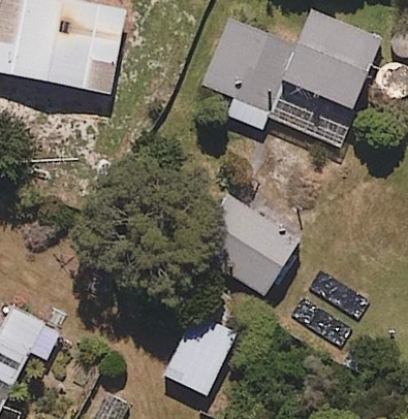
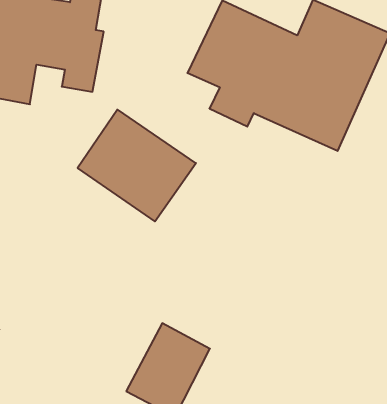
building: [195,196,302,295] -> [78,110,196,221]

